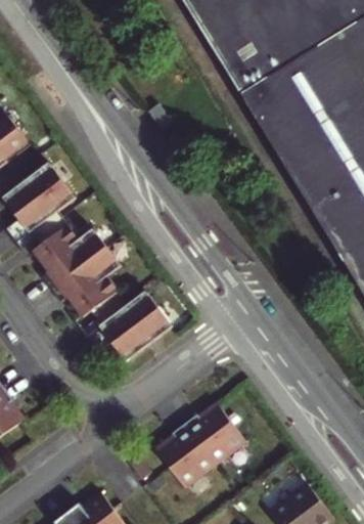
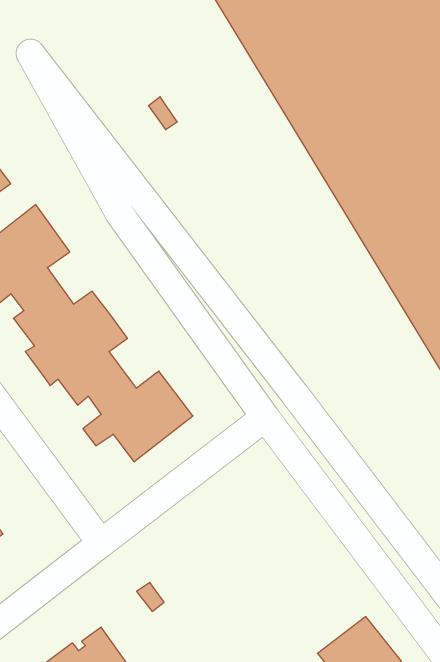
building: [152,401,243,488] -> none

